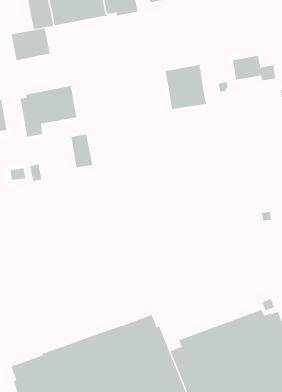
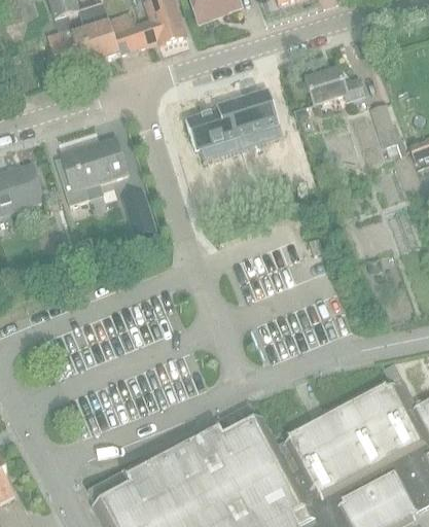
building: [11,27,51,61] -> none
building: none -> [186,105,242,164]

